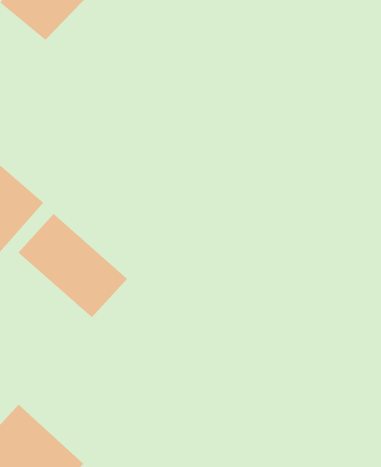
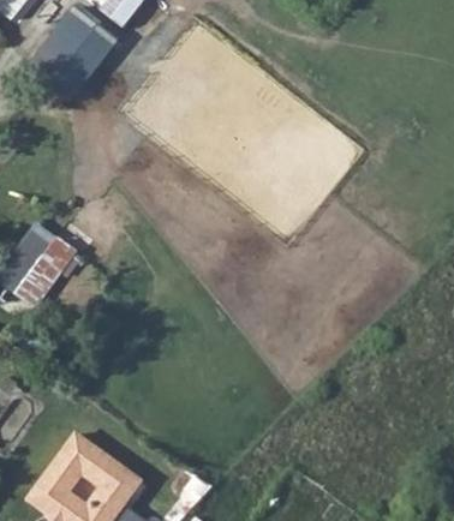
building: [18,213,128,318] -> none

